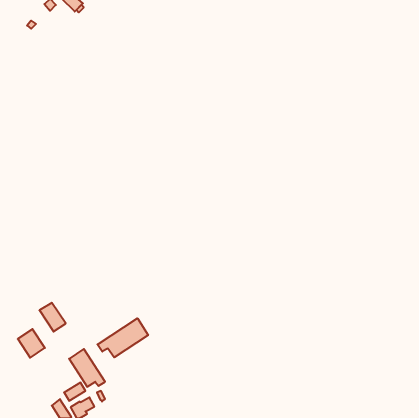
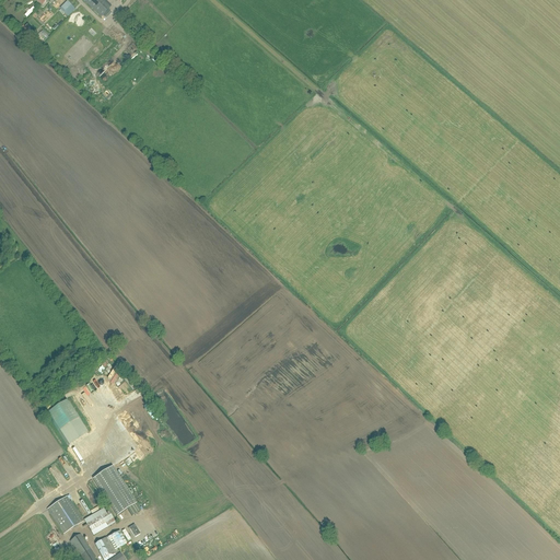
building: [97,318,148,357] -> none
building: [18,329,45,358] -> [46,493,82,532]

